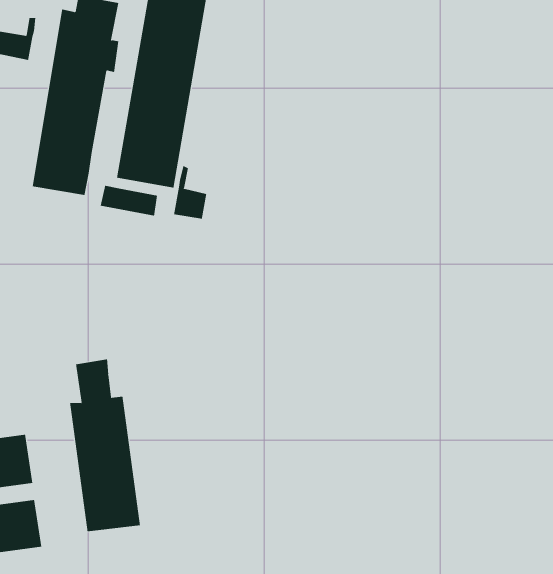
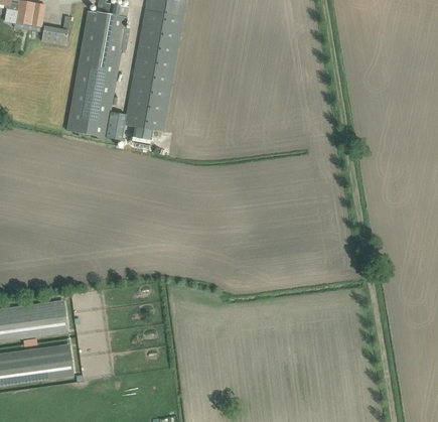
building: [173,165,207,219] -> none
building: [69,358,141,532] -> none

